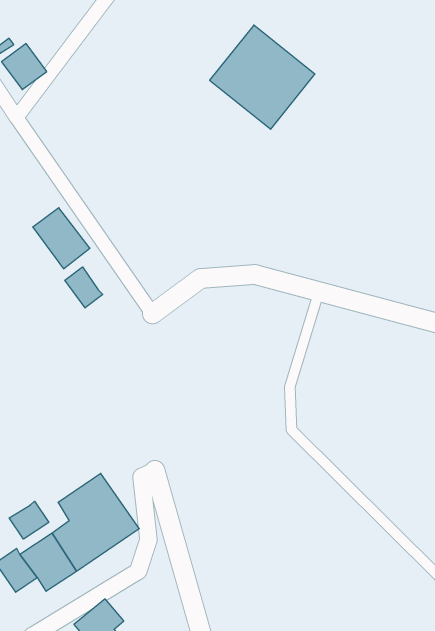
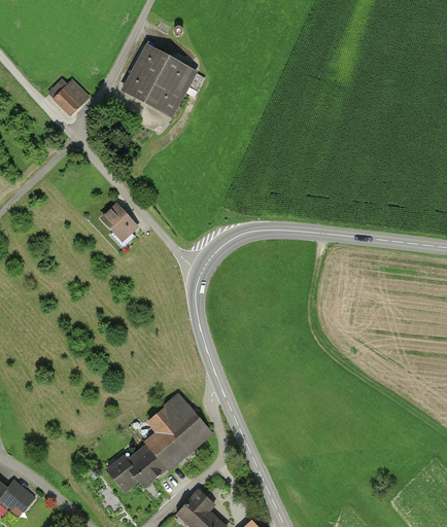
building: [210,25,315,129] -> [123,43,201,119]
building: [65,267,103,308] -> none
building: [9,501,49,539] -> none

